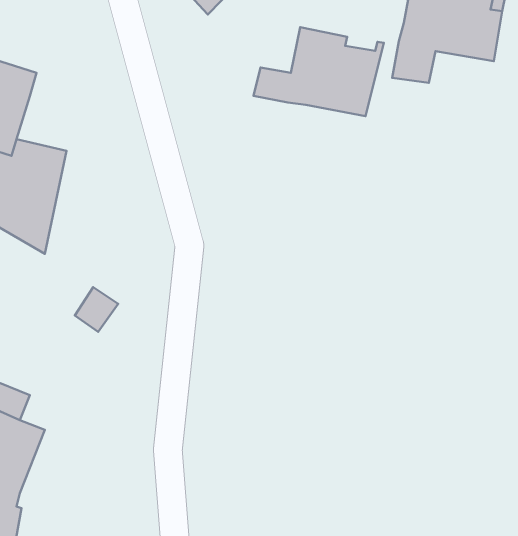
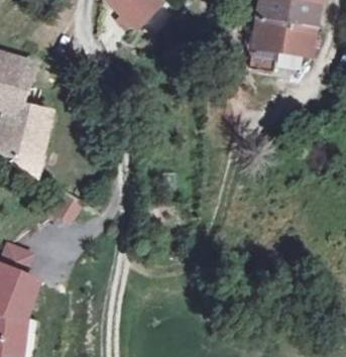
building: [253,27,384,116] -> none

